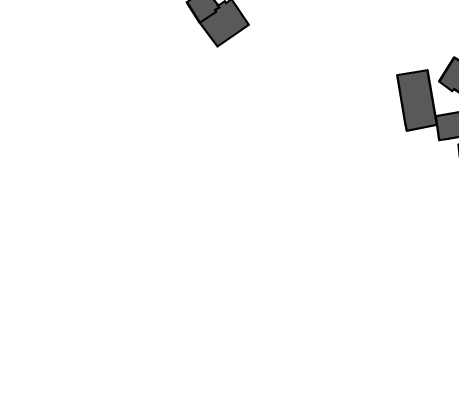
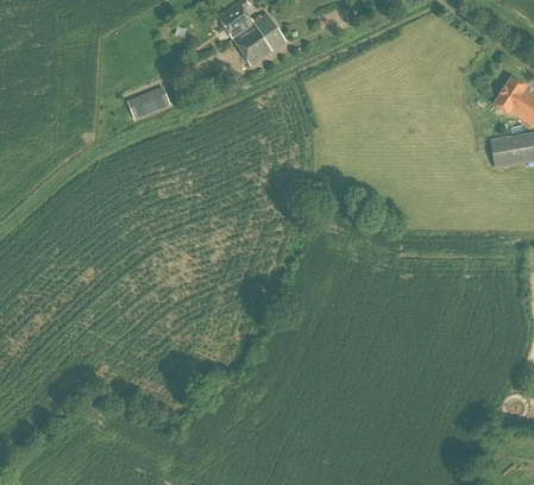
building: none -> [127,86,170,118]
building: [397,70,437,131] -> none

